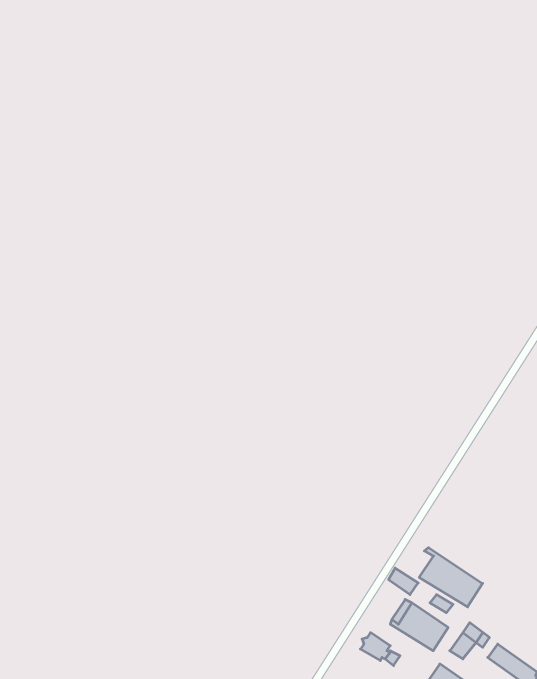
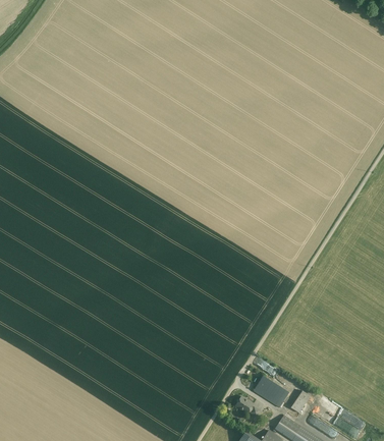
building: [419,548,483,607] -> none

